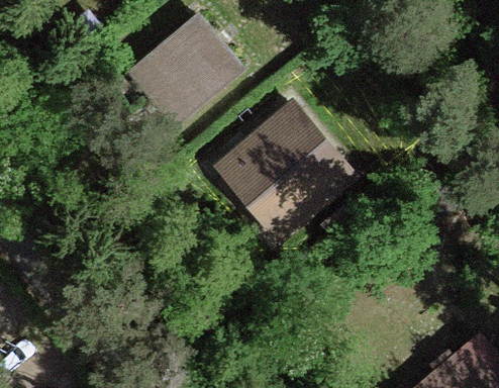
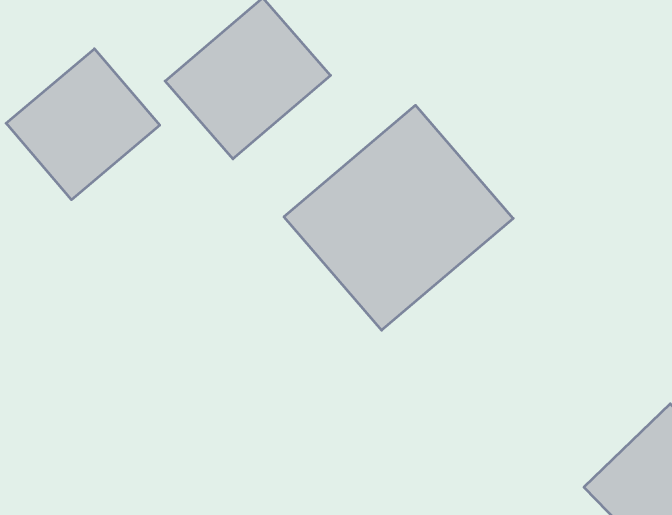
building: none -> [6,49,160,200]

